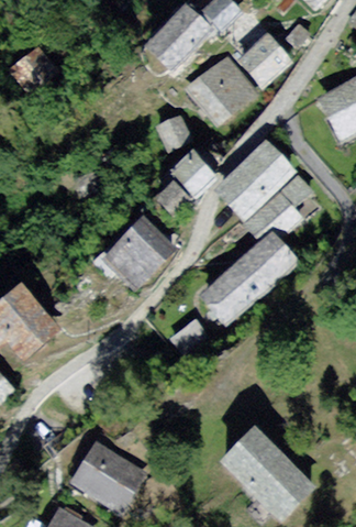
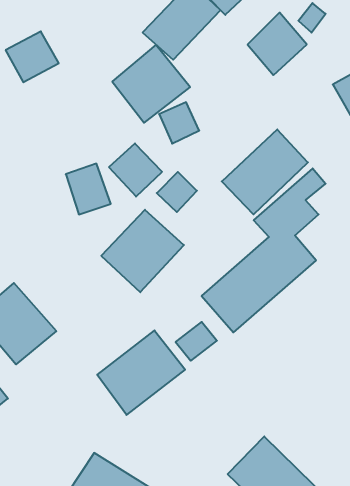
building: [187,55,259,128] -> [112,45,190,123]
building: [169,149,219,198] -> [109,143,162,197]
building: none -> [97,330,185,415]

